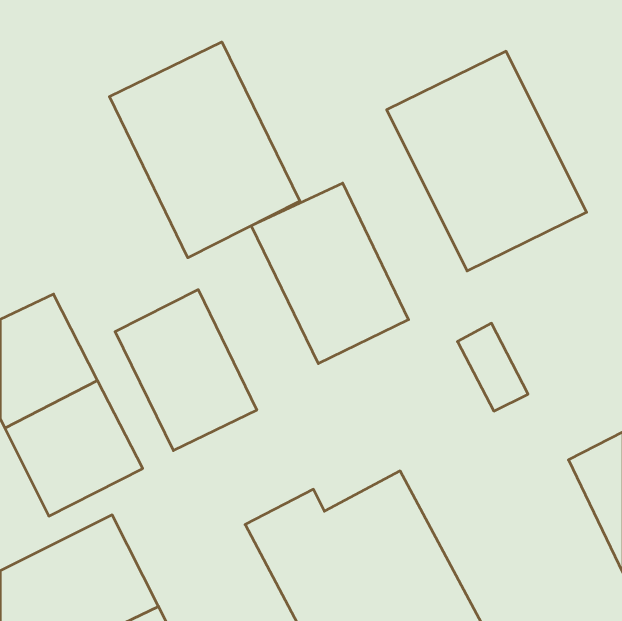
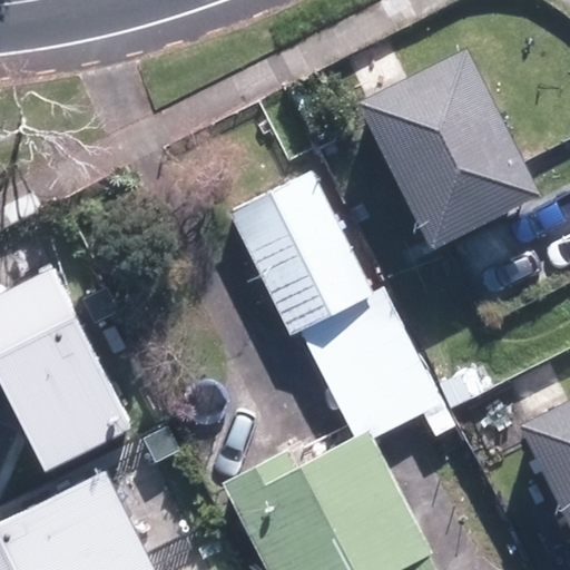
building: [109,42,300,258] -> none
building: [115,290,257,451] -> none
building: none -> [304,291,440,436]

